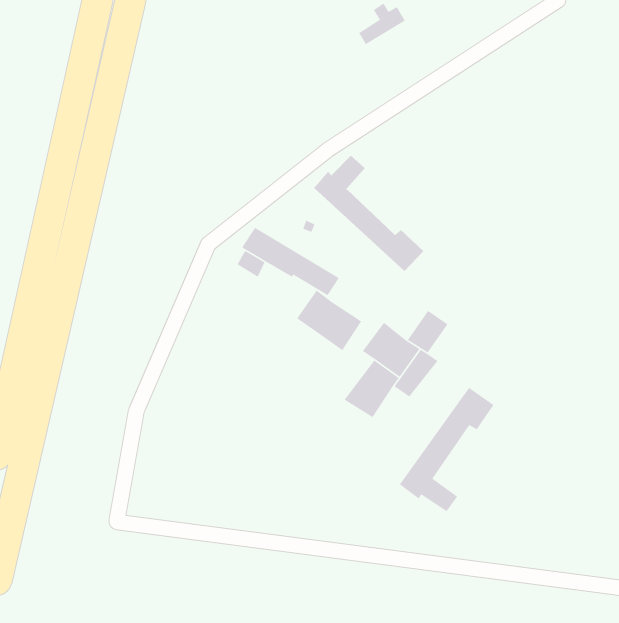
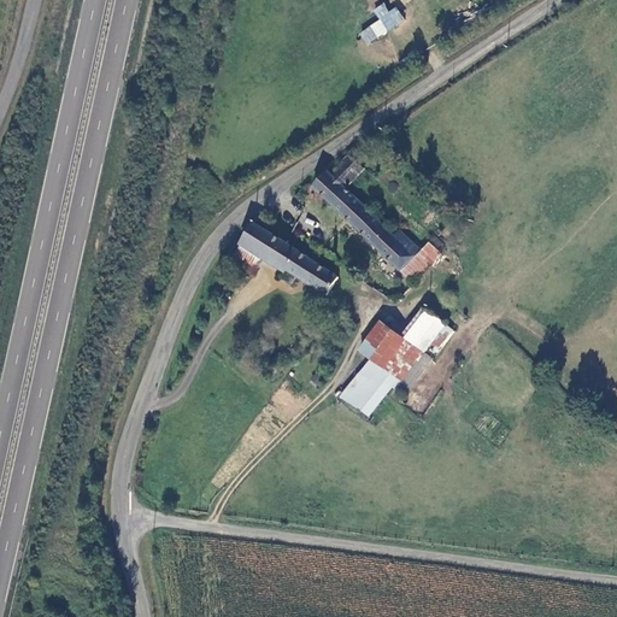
building: none -> [400,239,440,281]
building: [296,289,362,351] -> none
building: [399,387,495,512] -> none

